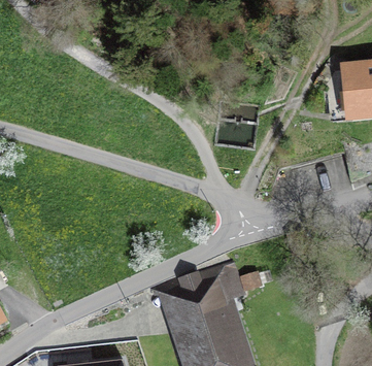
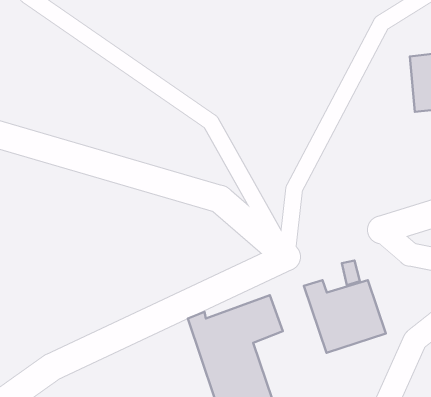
building: none -> [304,280,386,353]

